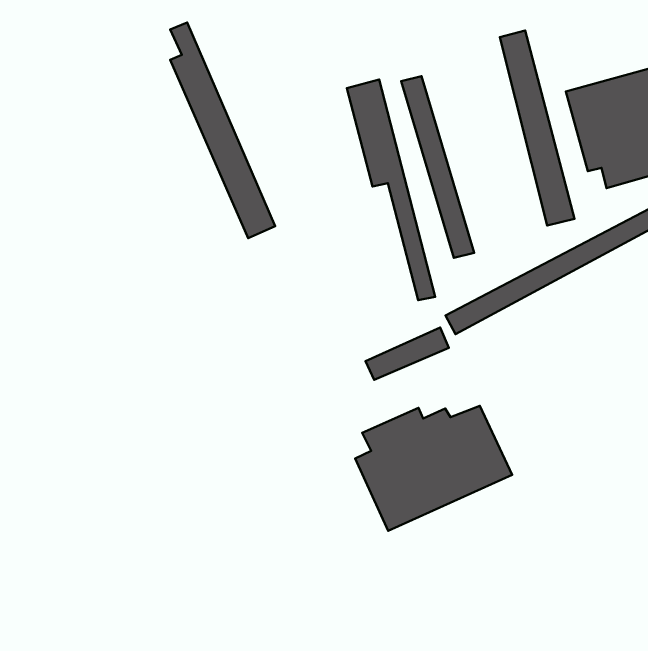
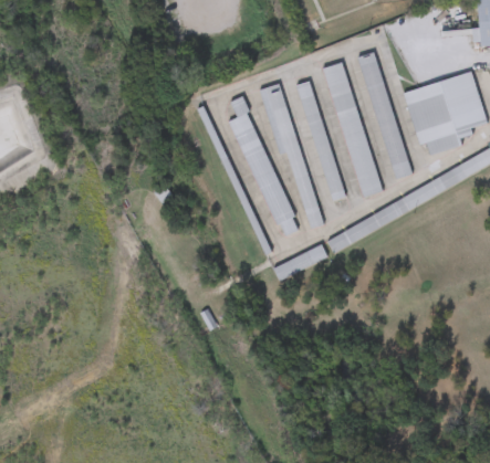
building: [170,23,275,238] -> [230,97,299,238]
building: none -> [325,62,379,197]
building: [355,406,512,531] -> none

